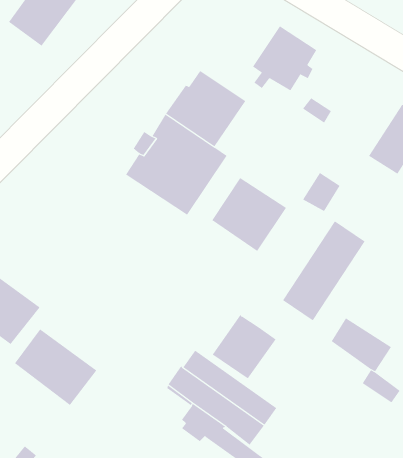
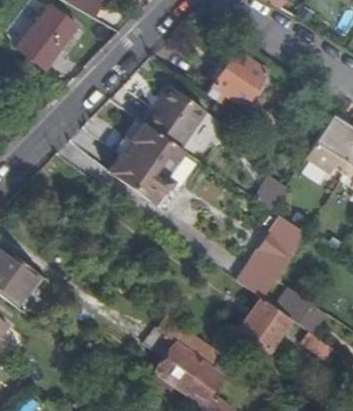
building: [211,177,287,252] -> none
building: [212,313,277,379] -> [239,297,291,351]
building: [14,328,97,406] -> none

